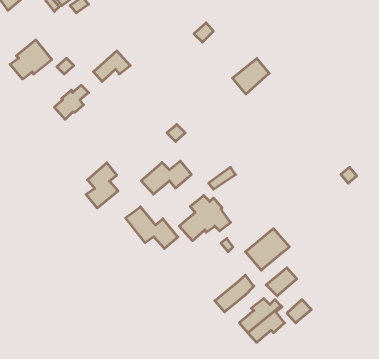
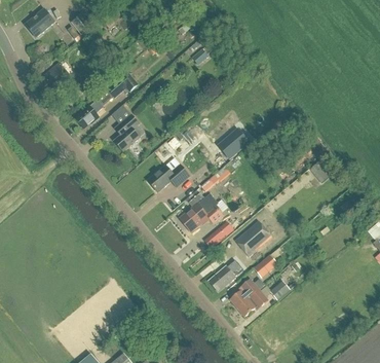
building: [232,58,269,94] -> [217,130,248,159]
building: [86,163,118,208] -> [113,114,140,152]
building: [126,207,178,249] -> none

